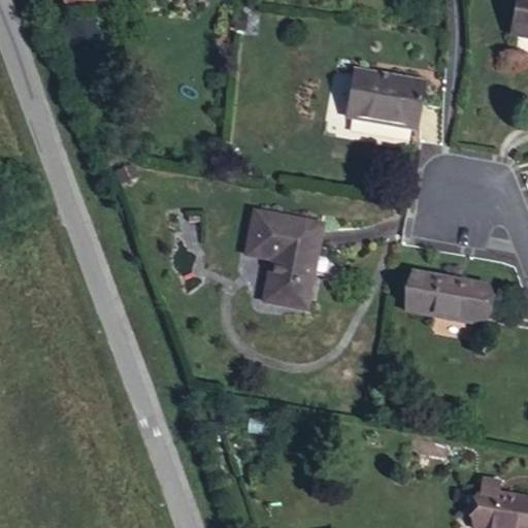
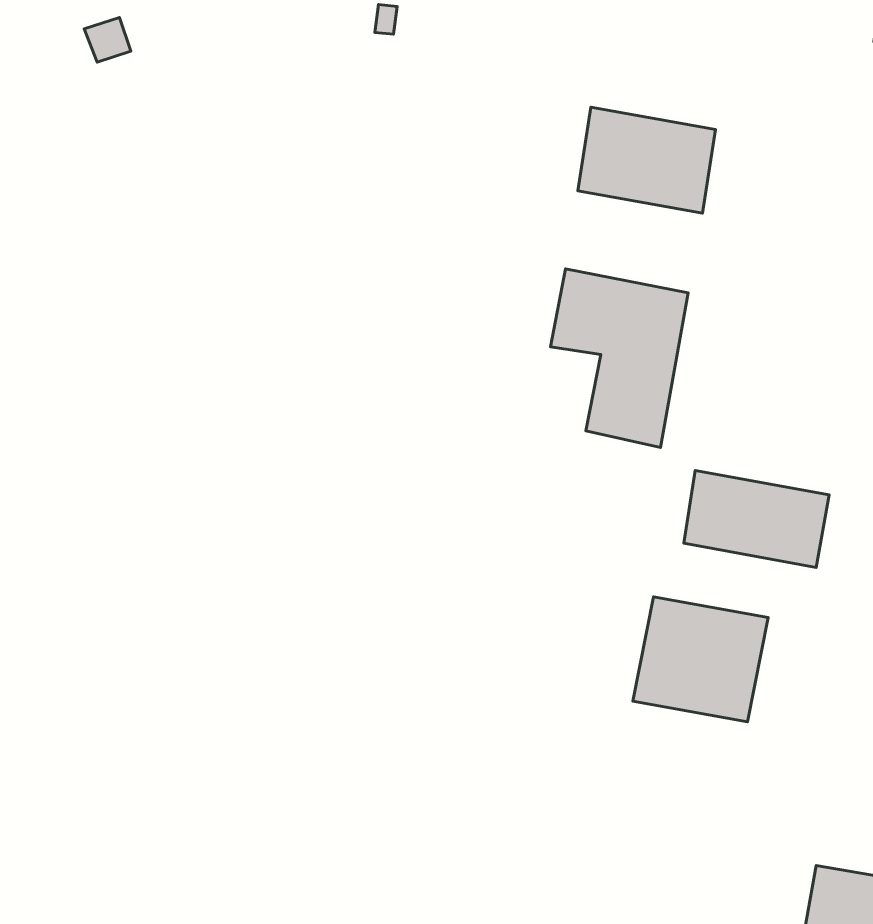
building: [245,210,322,309] -> [550,269,688,448]
building: none -> [633,597,768,722]

